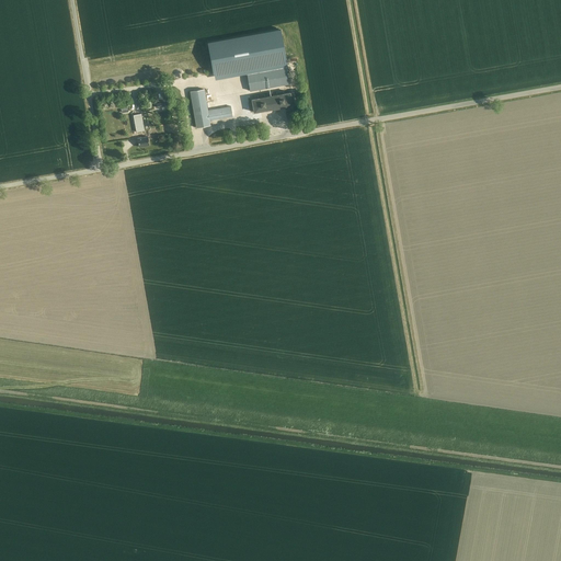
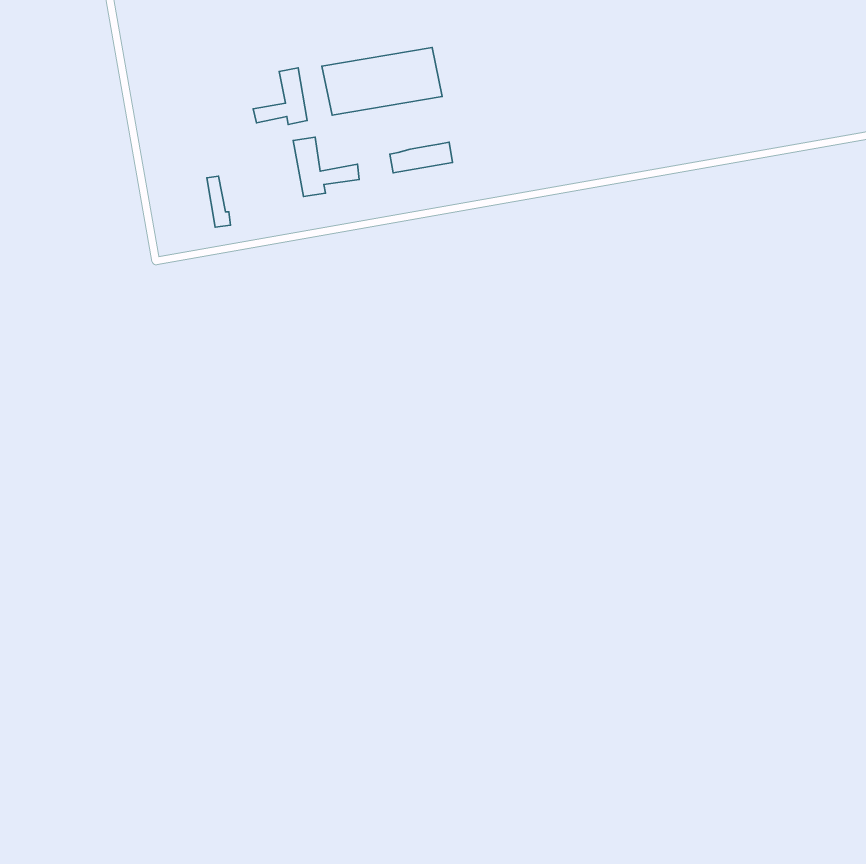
building: none -> [253,68,307,124]
building: [247,69,288,92] -> none

